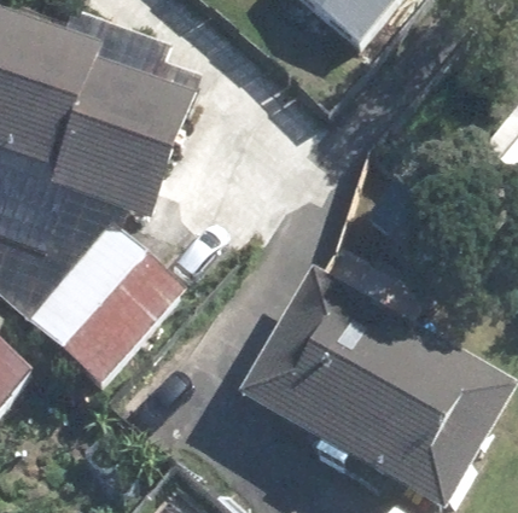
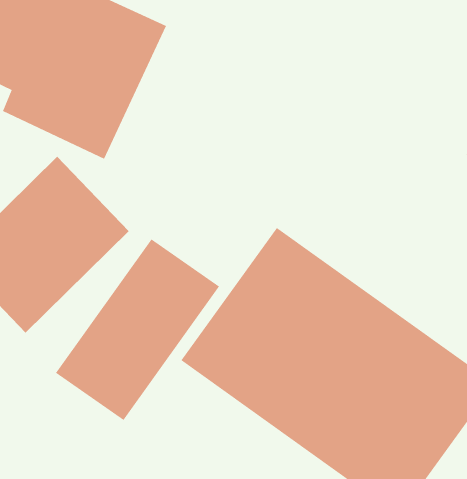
building: none -> [55,239,220,421]

